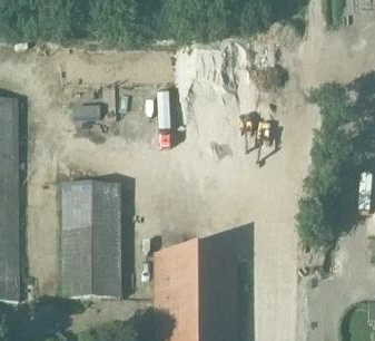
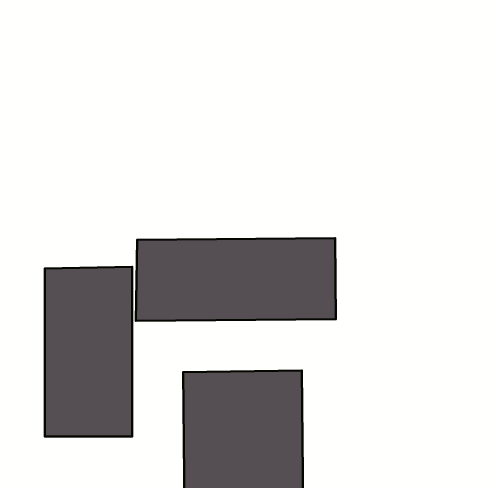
building: none -> [136,238,336,321]

